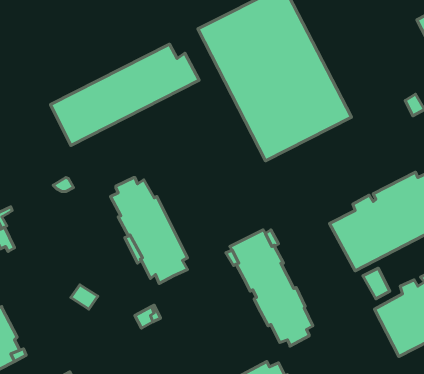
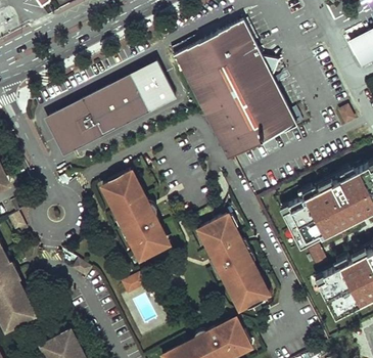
building: none -> [43,60,164,153]

